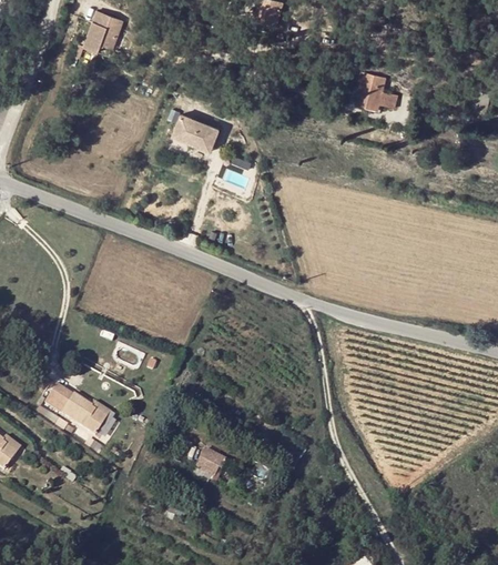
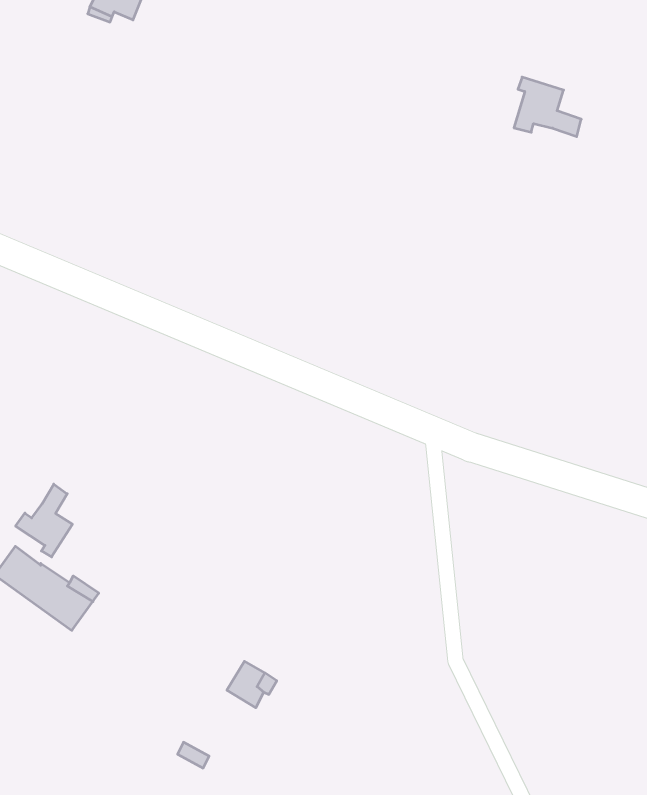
building: [175,112,220,149] -> none
building: none -> [16,484,72,557]

